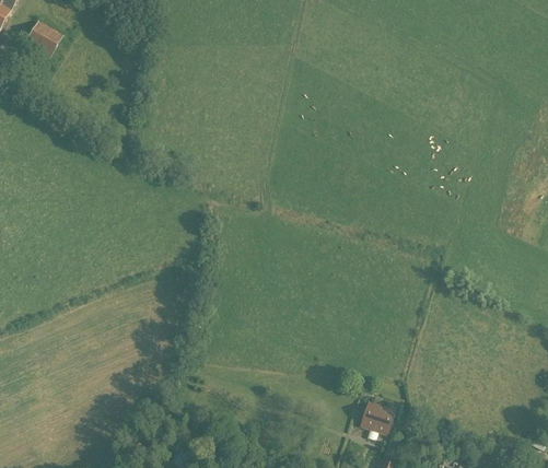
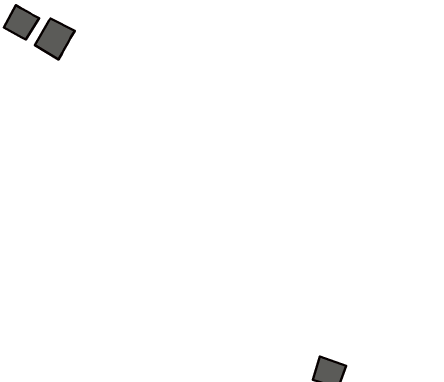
building: none -> [35,19,75,59]

